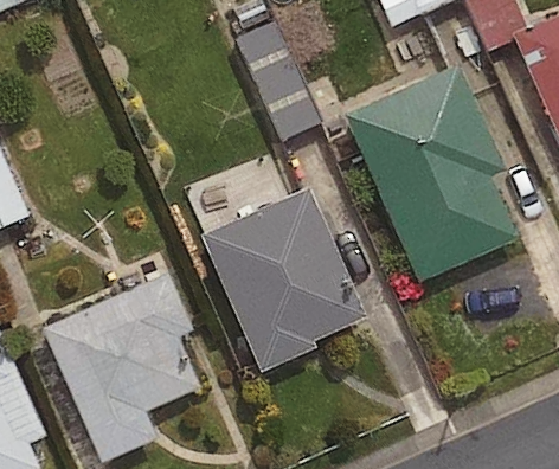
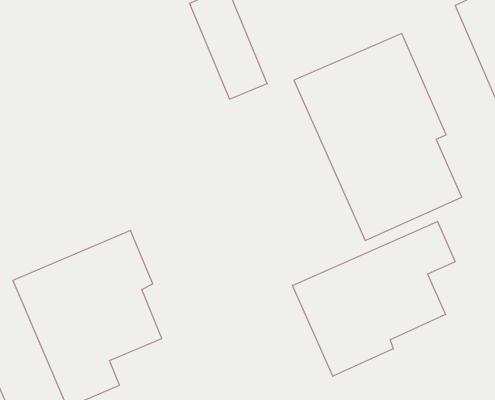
building: [203,188,366,372] -> none
building: none -> [292,221,455,376]

